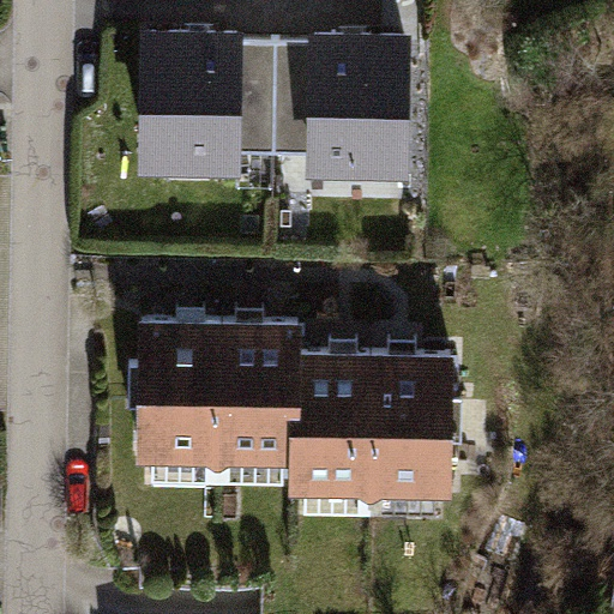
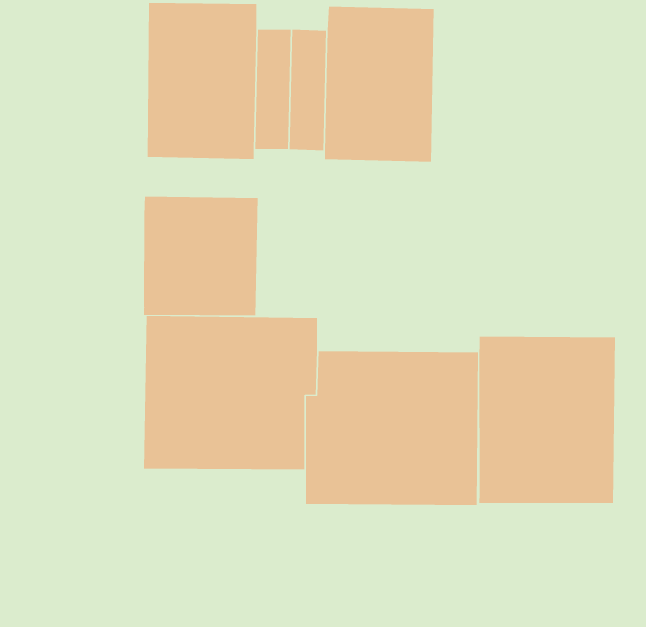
building: none -> [143,196,258,316]
building: none -> [479,336,616,504]

